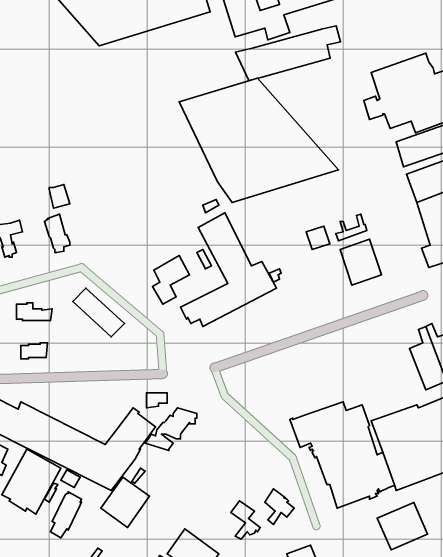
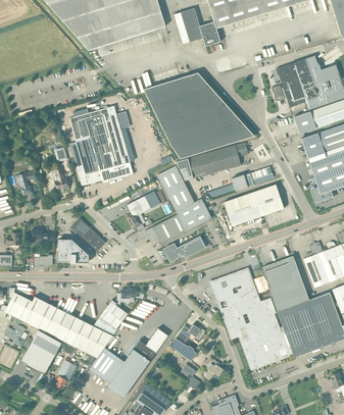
building: [236,26,341,80] -> [176,143,248,180]
building: none -> [69,106,130,186]
building: none -> [222,191,263,226]
building: none -> [163,236,206,262]
building: none -> [58,239,88,262]
building: none -> [262,256,308,309]
building: none -> [211,268,257,305]
building: none -> [168,324,205,361]
building: none -> [106,327,168,398]
building: [377,503,428,550] -> none

